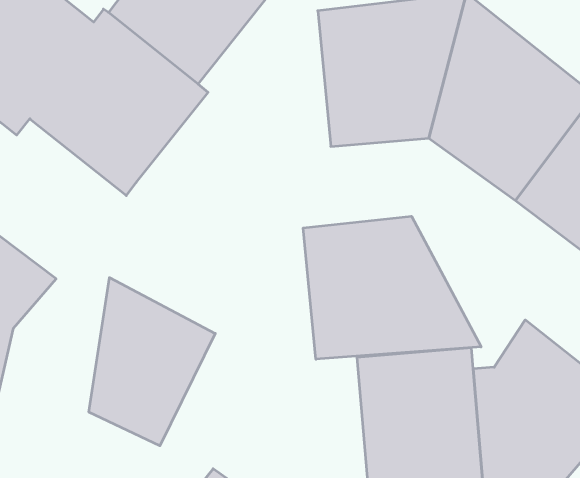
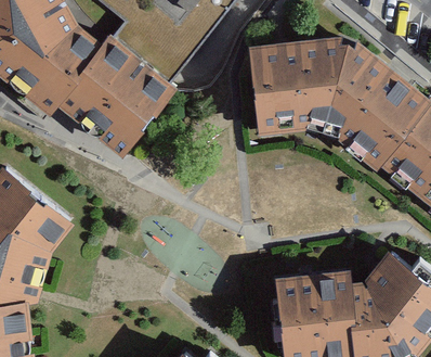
building: [303,216,481,359] -> none
building: [89,278,215,446] -> none

